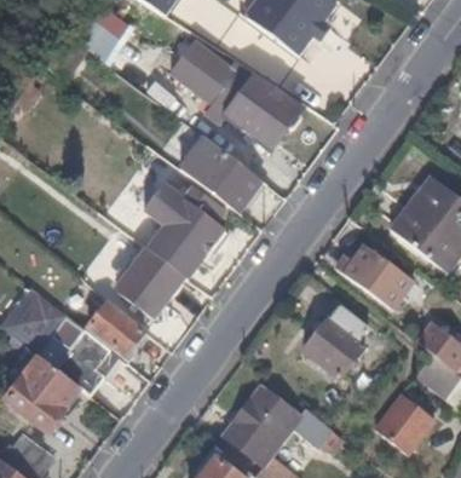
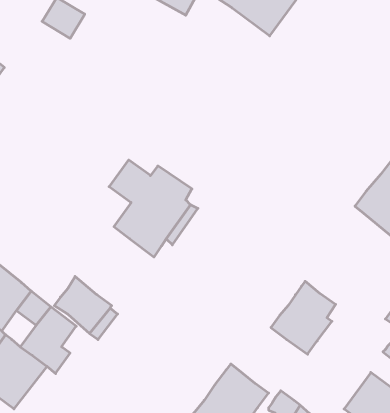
building: [167,40,298,148] -> none
building: [186,139,261,211] -> none
building: [344,242,401,298] -> none
building: [116,247,188,318] -> none

